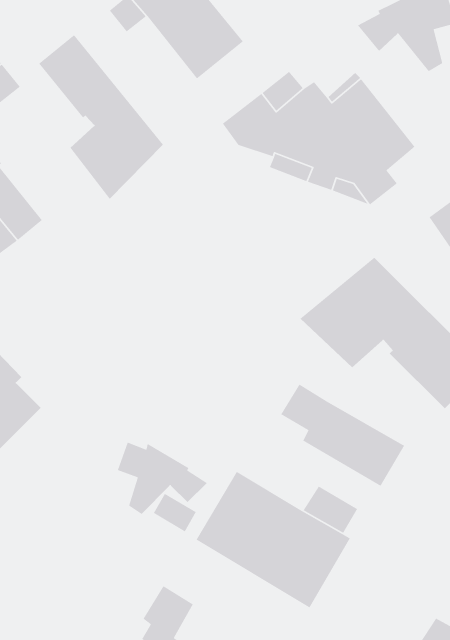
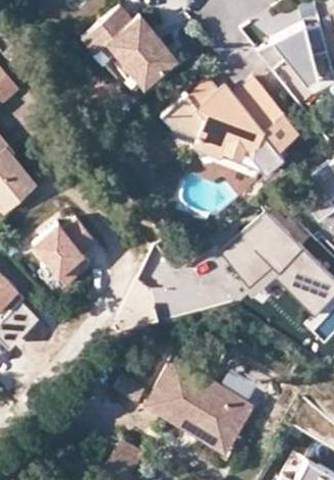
building: [38,34,164,200] -> none
building: none -> [30,218,92,282]
building: [280,384,405,487] -> none
building: [117,442,208,515] -> none

